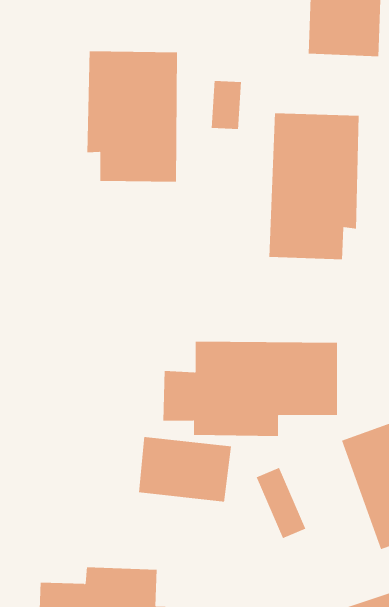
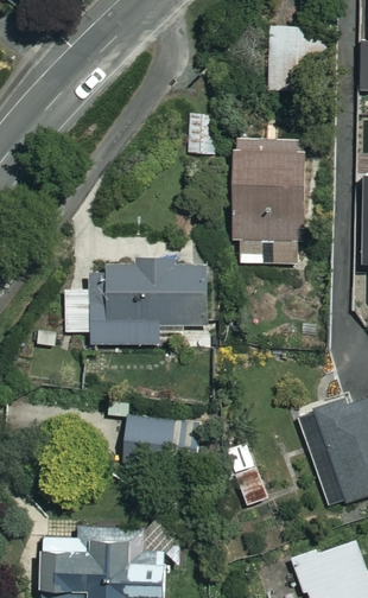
building: [87,51,178,182] -> none
building: [162,341,338,437] -> [61,262,209,343]

